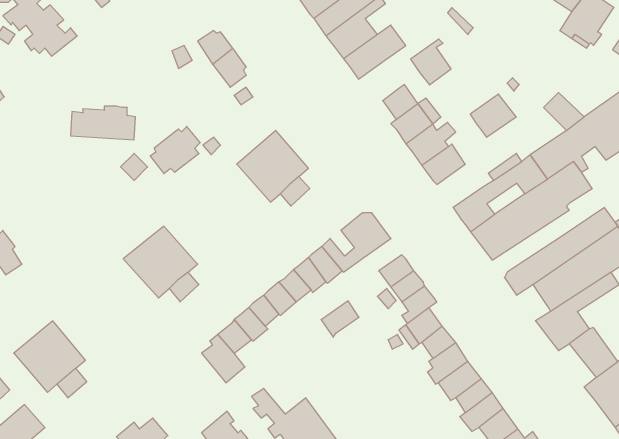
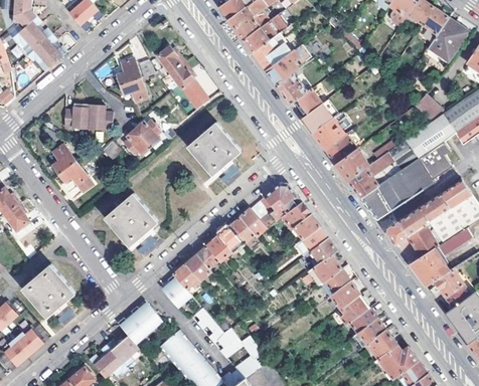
building: [411,39,451,85] -> [278,69,308,104]
building: none -> [116,59,148,104]
building: [470,94,516,137] -> [336,148,370,180]
building: none -> [51,146,92,192]
building: [321,301,359,337] -> [282,203,310,230]
building: none -> [118,302,164,345]

